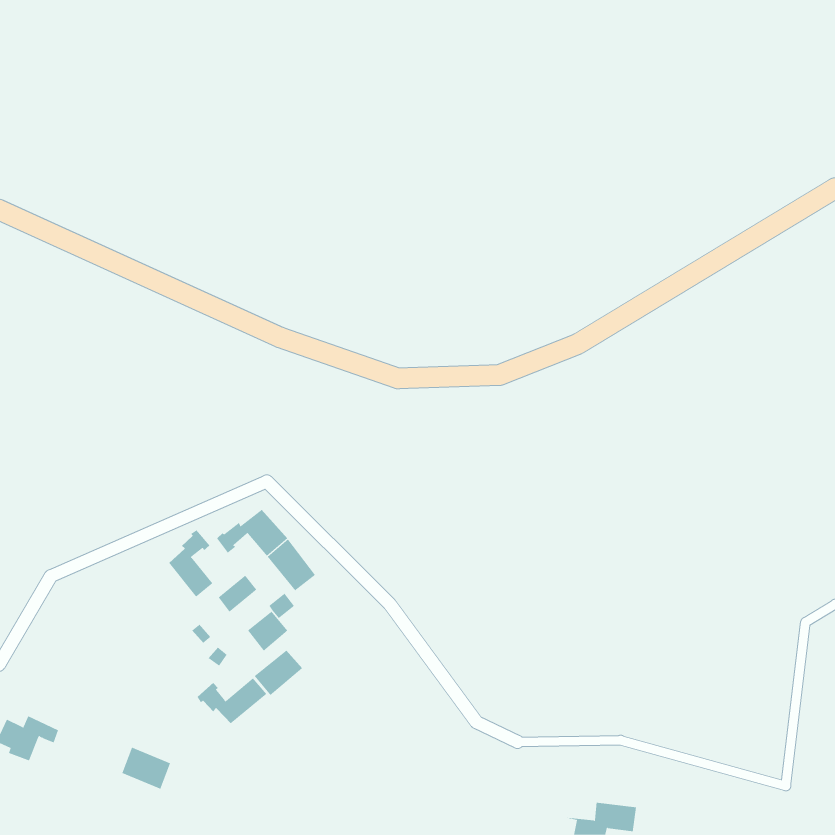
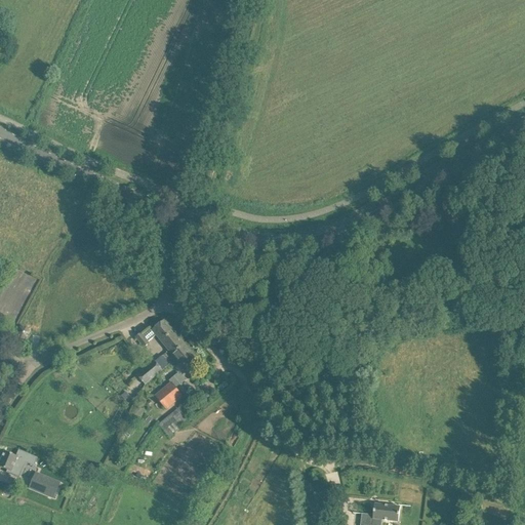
building: [169,530,213,597] -> none
building: [197,677,267,724] -> none
building: [122,747,171,789] -> [29,471,59,497]

